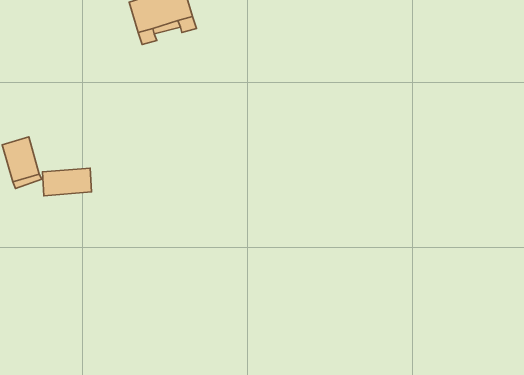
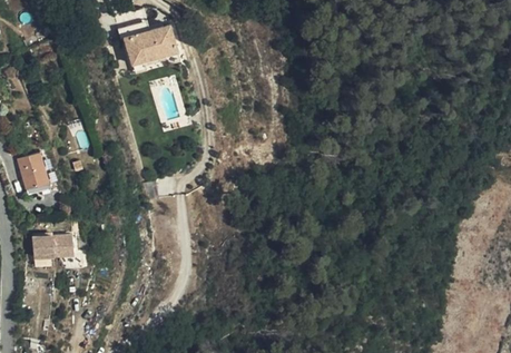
building: [43,168,92,196] -> [29,235,70,258]

